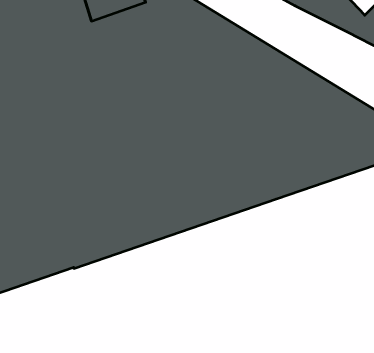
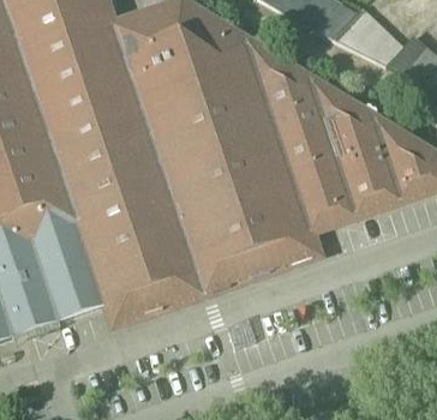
building: none -> [104,232,321,329]

